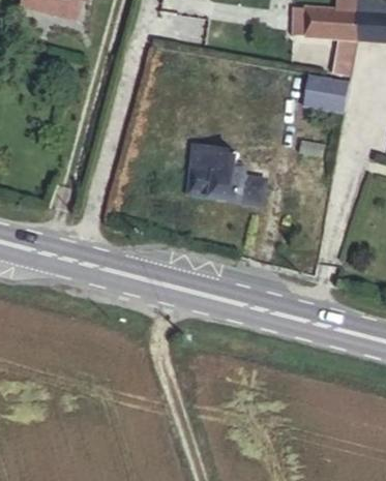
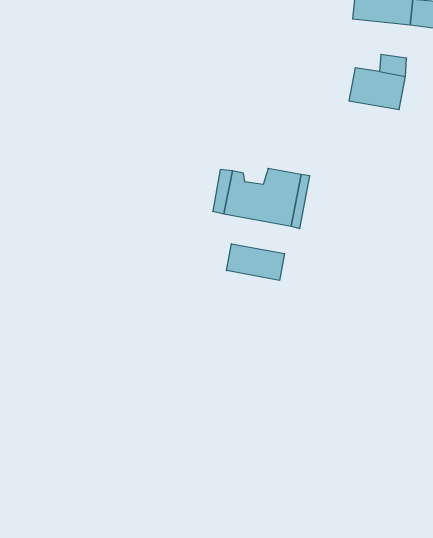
building: [190,140,234,171] -> none
building: none -> [226,244,285,280]

